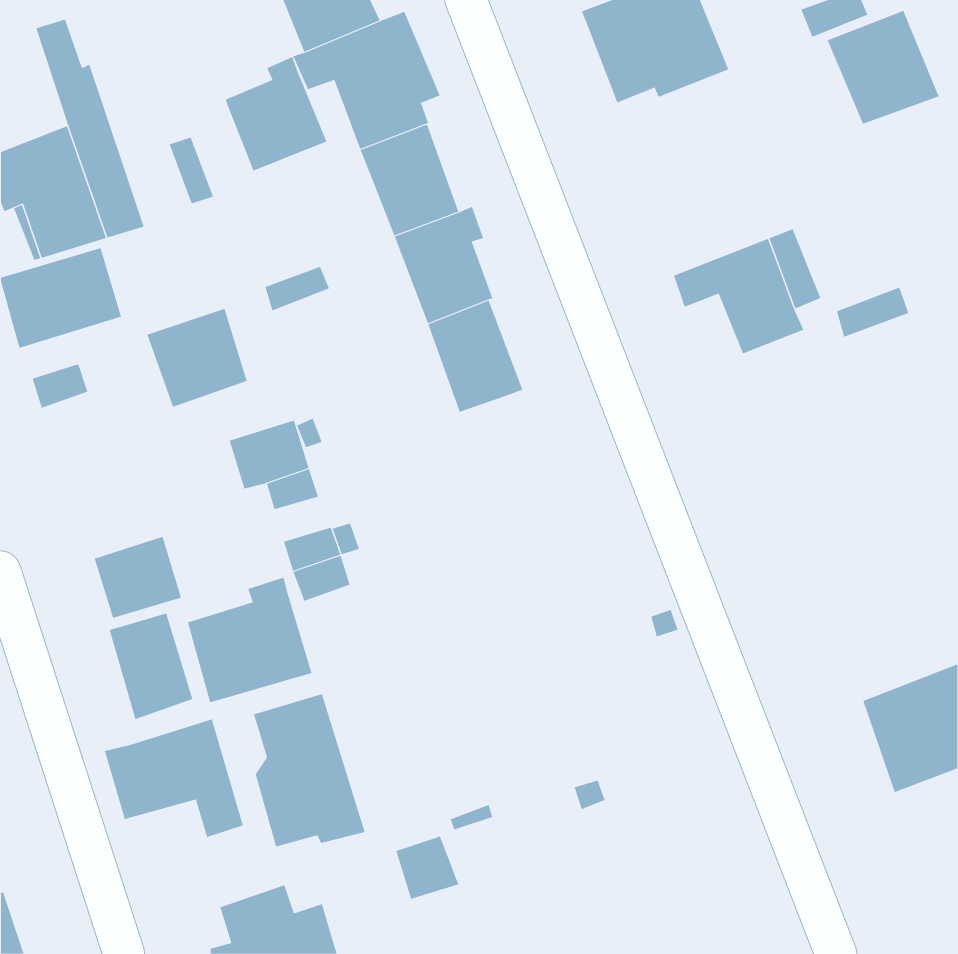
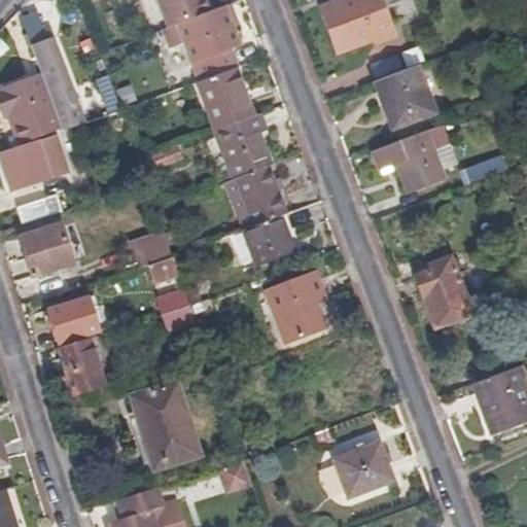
building: [827,10,939,124] -> [374,64,435,127]
building: [225,56,327,172] -> none
building: [146,308,248,407] -> [20,222,75,277]
building: none -> [241,217,292,268]
building: none -> [417,253,476,328]
building: none -> [267,272,324,343]
building: [187,577,312,703] -> none
building: [104,719,243,838] -> none
building: none -> [335,441,393,497]

